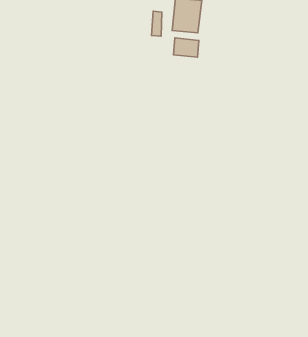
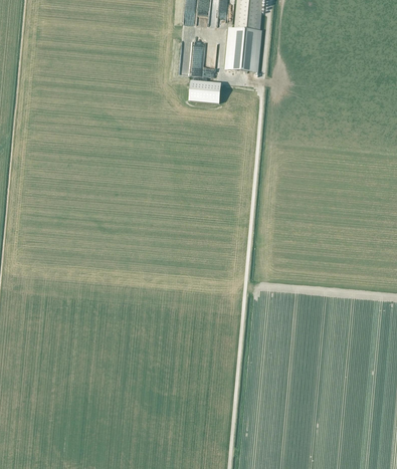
building: [173,38,199,57] -> [188,79,220,103]

